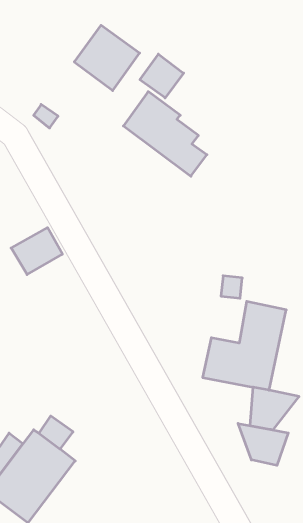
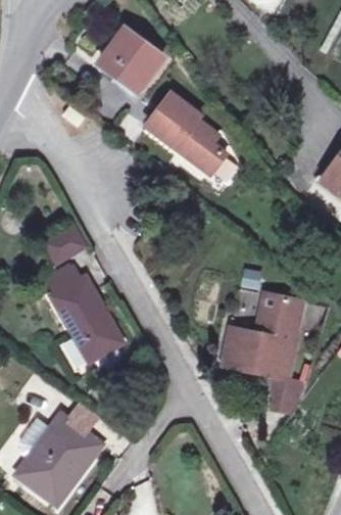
building: [140,54,184,98] -> none
building: none -> [45,264,121,361]
building: [238,423,288,465] -> none

